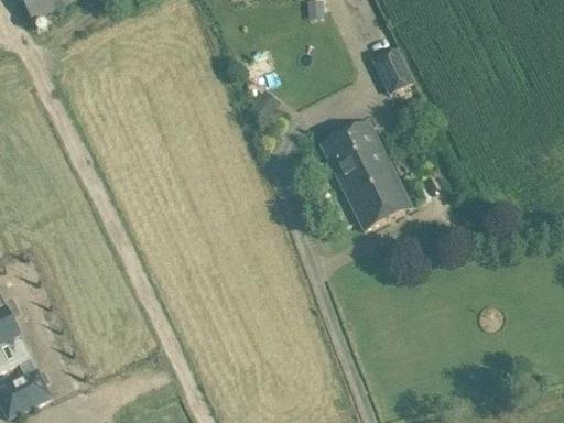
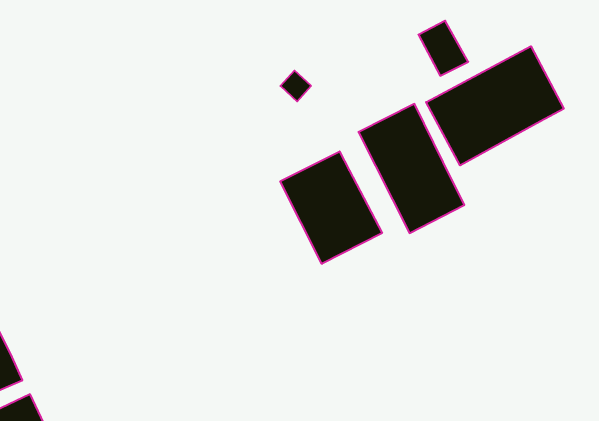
building: none -> [426,46,564,165]
building: none -> [280,151,382,264]

